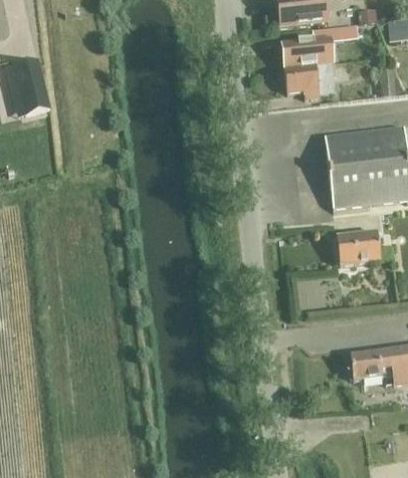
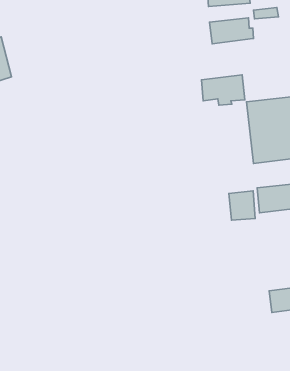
building: [283,61,334,96] -> [202,75,245,105]
building: none -> [229,191,255,220]

